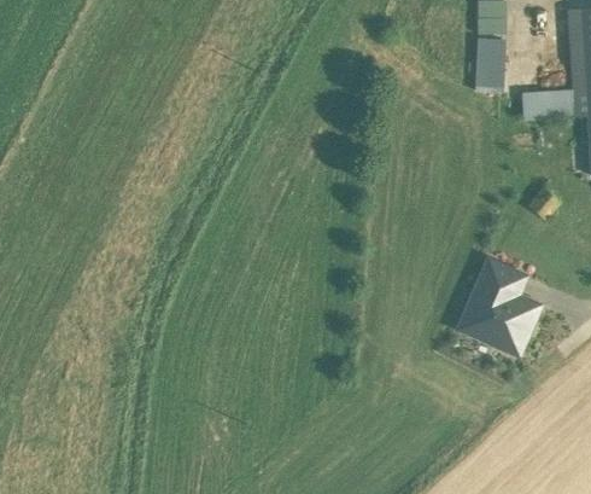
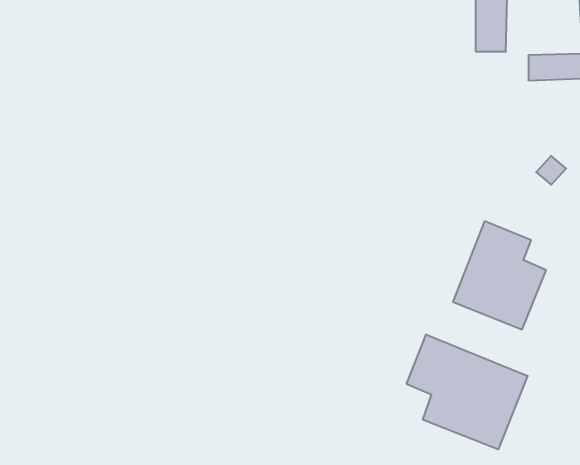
building: none -> [407,334,528,449]

